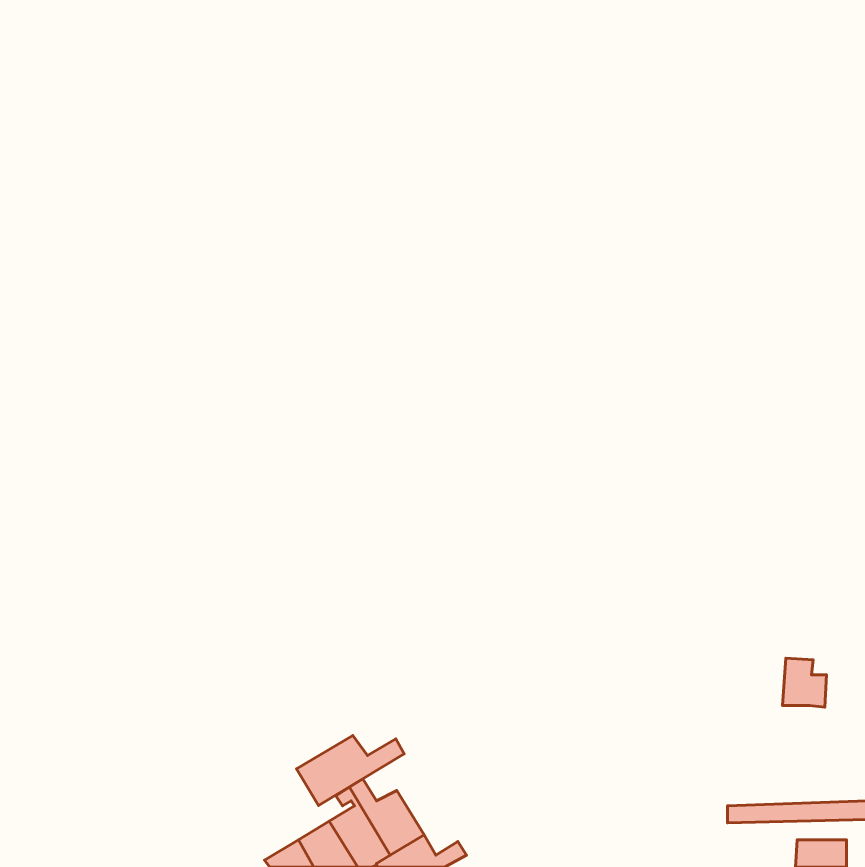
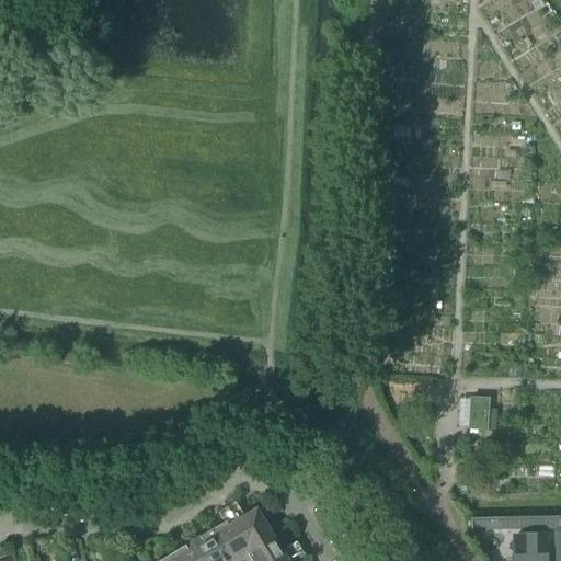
building: [783,658,827,707] -> [469,400,497,432]
building: [297,736,404,805] -> none

